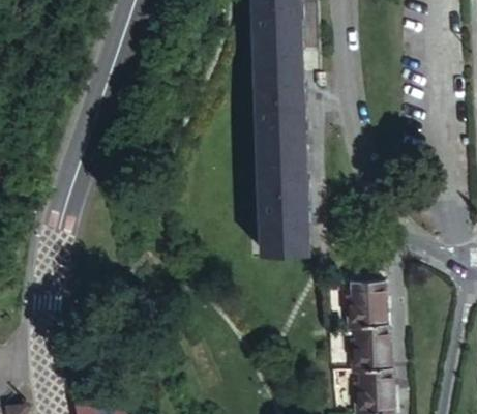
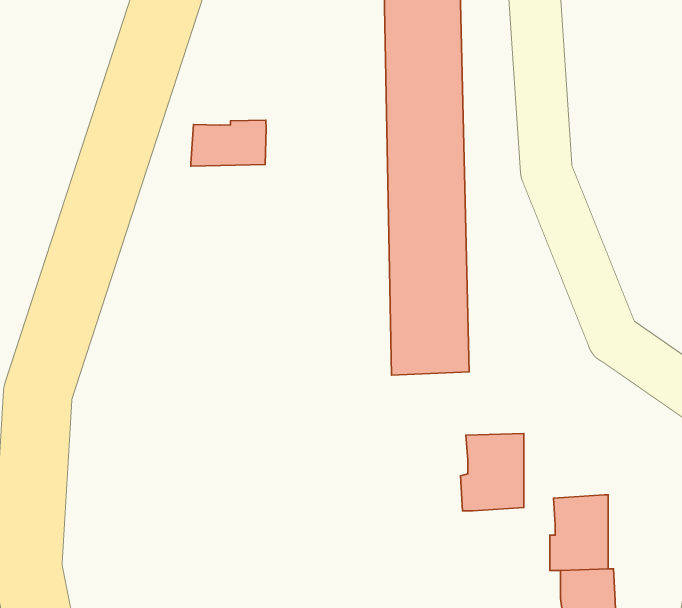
building: none -> [191,120,266,166]
building: [349,283,386,328] -> [461,433,524,511]

